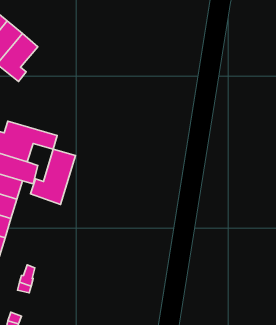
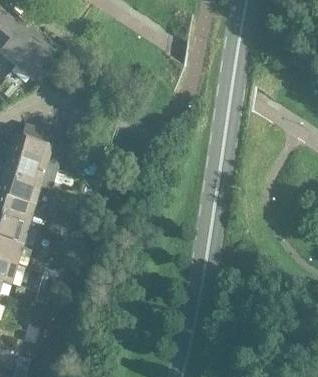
building: [31,149,75,204] -> none

